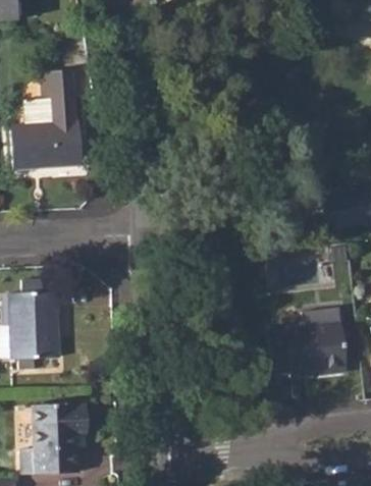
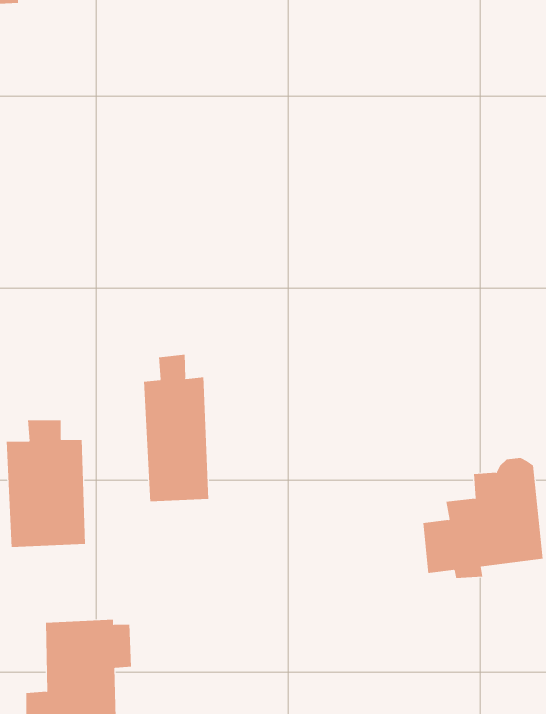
building: [13,68,83,170] -> none
building: none -> [143,354,209,502]

